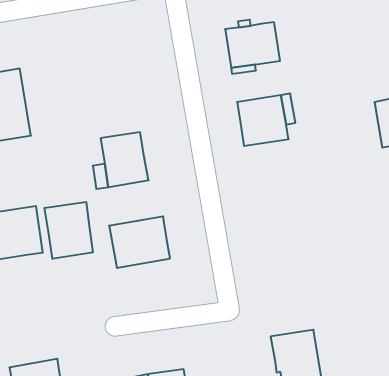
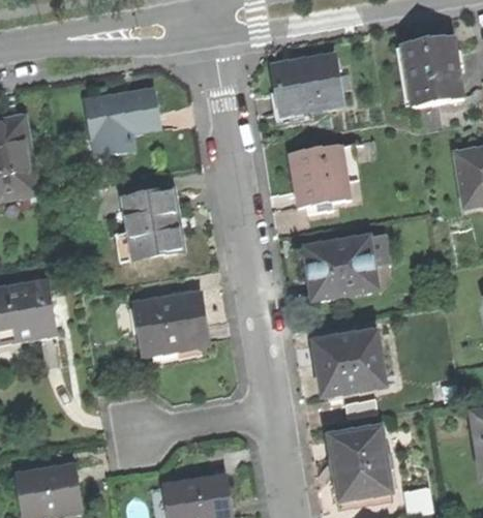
building: none -> [406,38,465,106]
building: none -> [85,87,161,158]
building: none -> [306,232,385,300]
building: [45,202,93,259] -> none
building: none -> [313,331,383,395]

